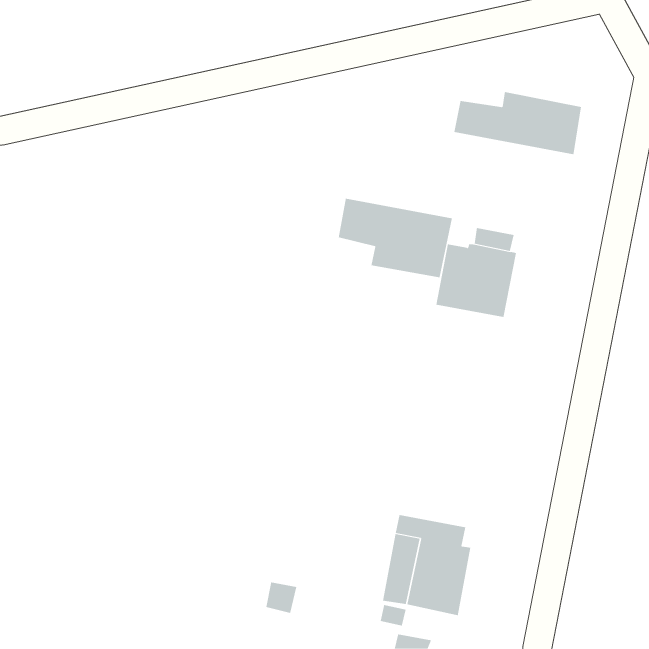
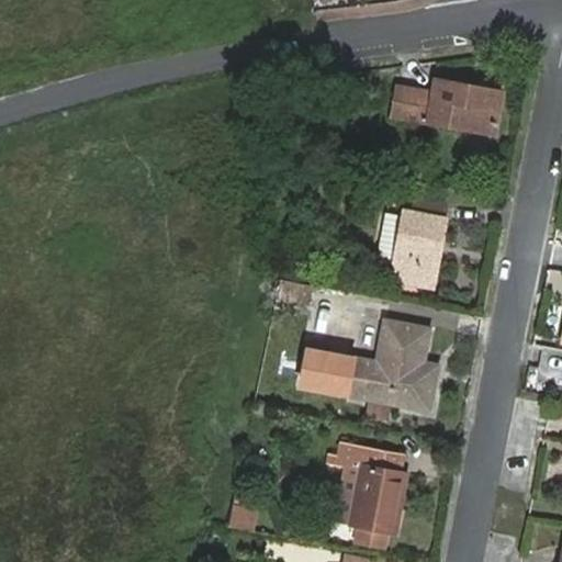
building: [338,198,452,278] -> none
building: none -> [300,319,438,418]

